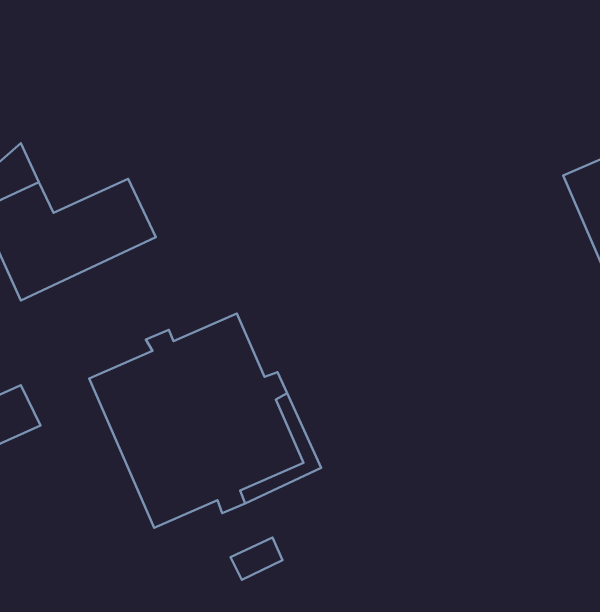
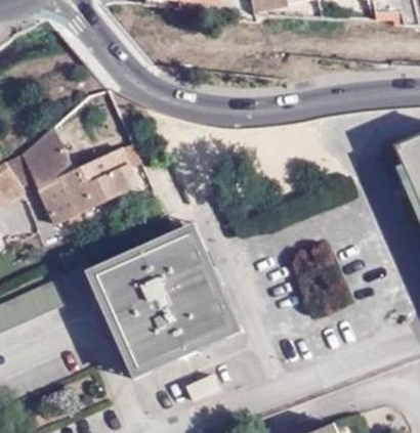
building: none -> [145,223,214,274]
building: none -> [84,251,179,381]

